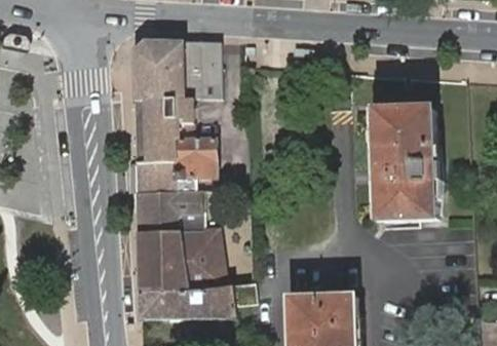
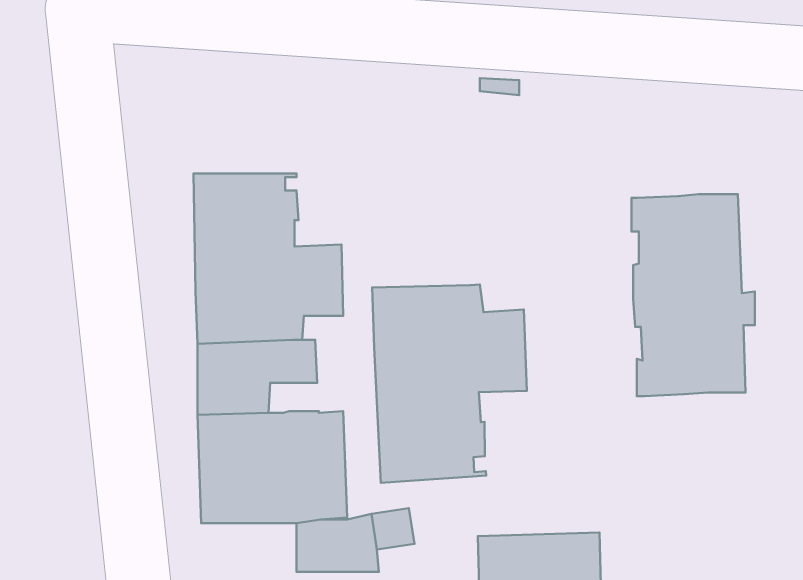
building: [130,39,218,99] -> none
building: none -> [372,284,527,483]
building: [136,291,188,317] -> none

